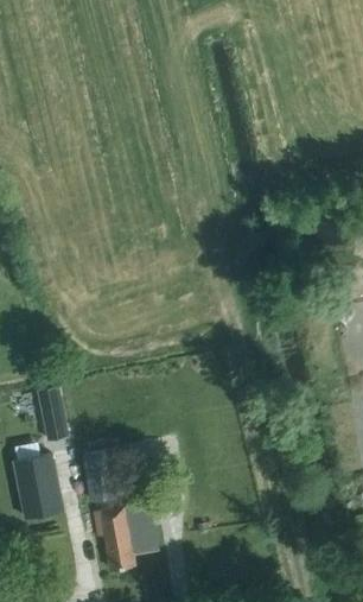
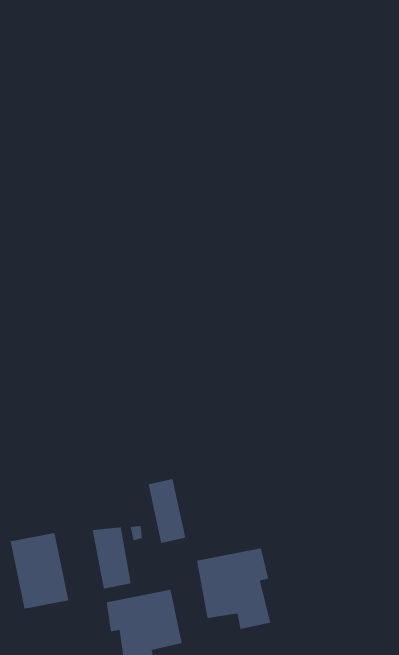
building: [37,385,69,439] -> [148,478,186,544]
building: none -> [196,548,271,630]

